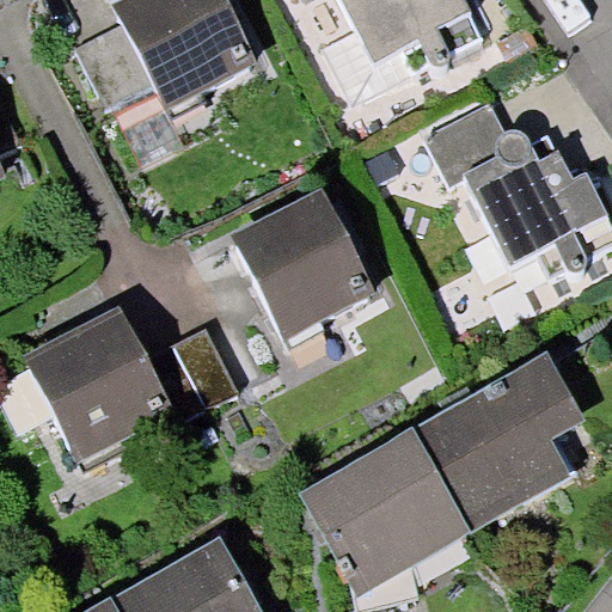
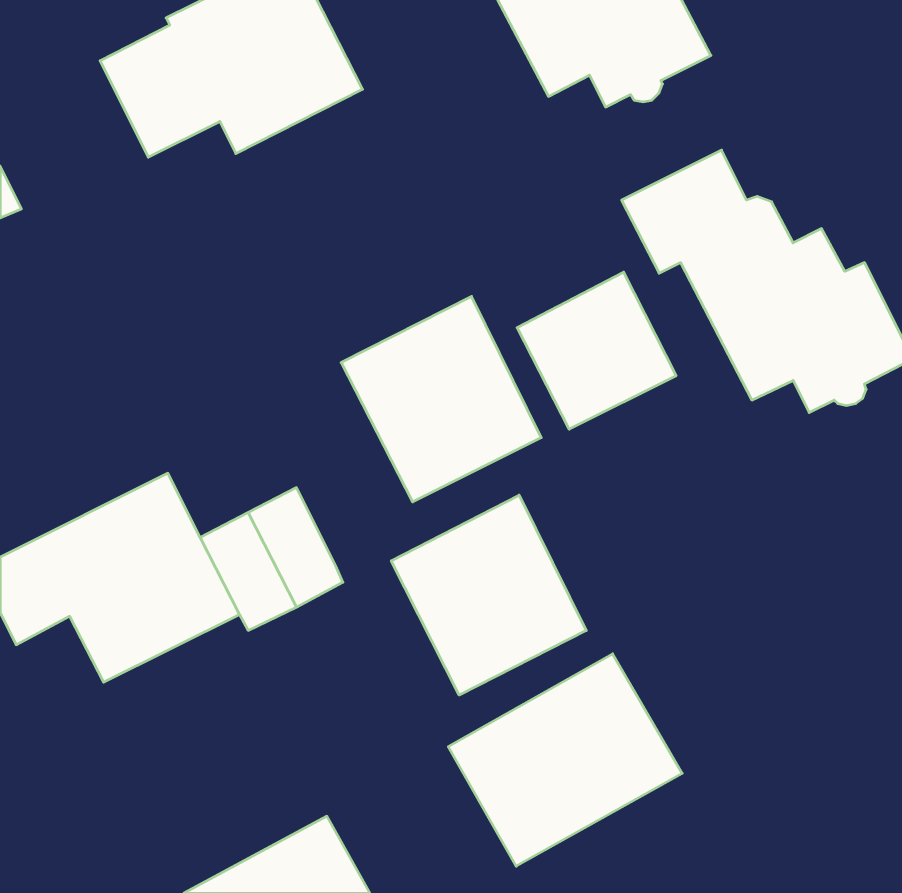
building: none -> [517,272,676,429]
building: none -> [391,495,586,695]
building: [417,360,582,518] -> none

